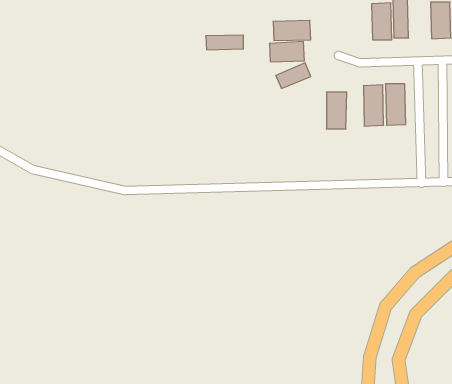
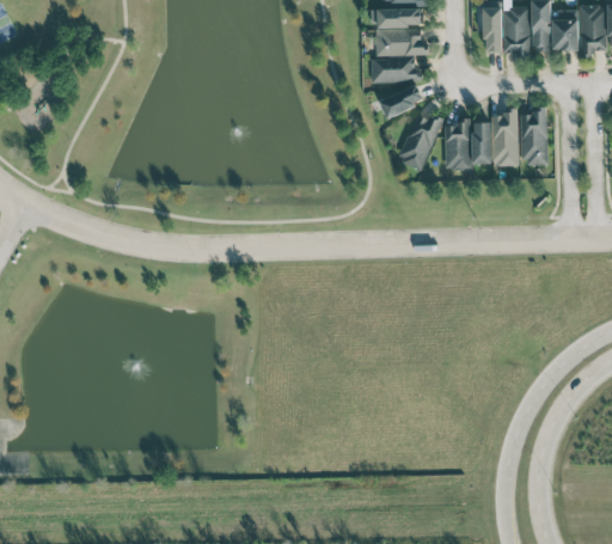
building: none -> [483,7,502,51]
building: none -> [552,8,579,50]
building: [206,35,243,50] -> [373,7,422,26]
building: none -> [398,114,442,171]
building: none -> [472,122,491,164]

